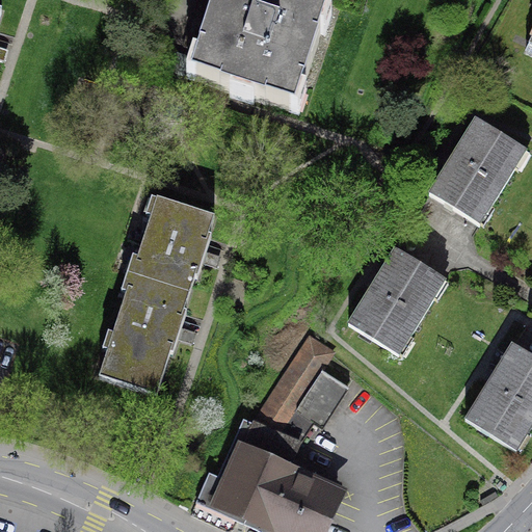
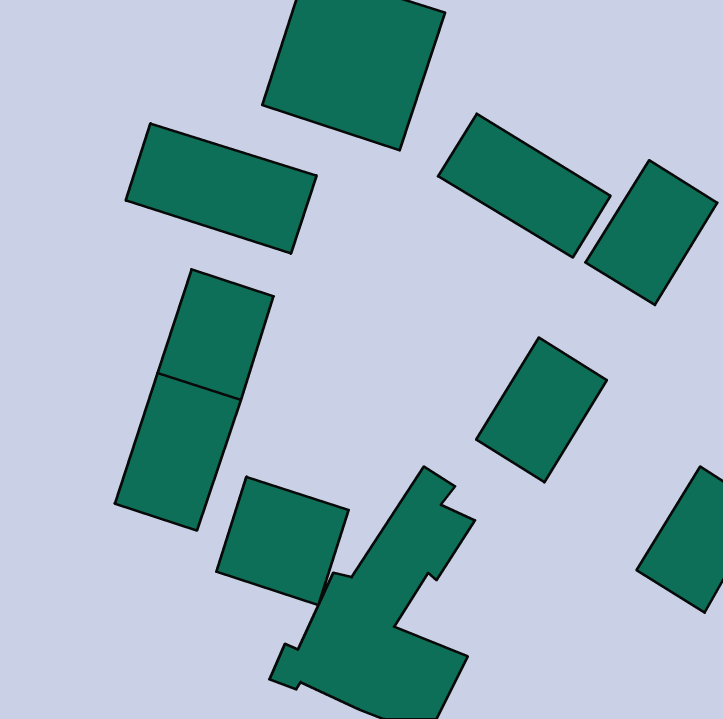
building: none -> [438,114,610,257]
building: none -> [126,123,316,254]
building: none -> [216,477,349,605]

